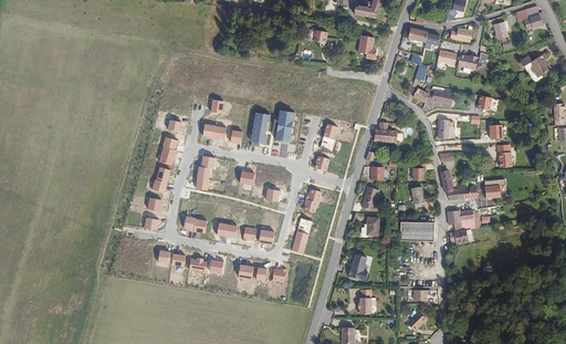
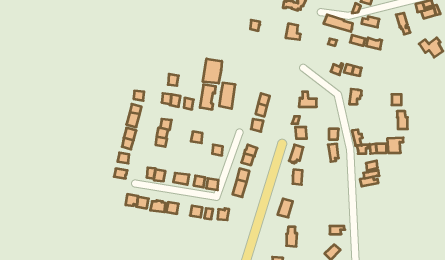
building: none -> [203,59,222,83]
building: [402,222,437,241] -> none

